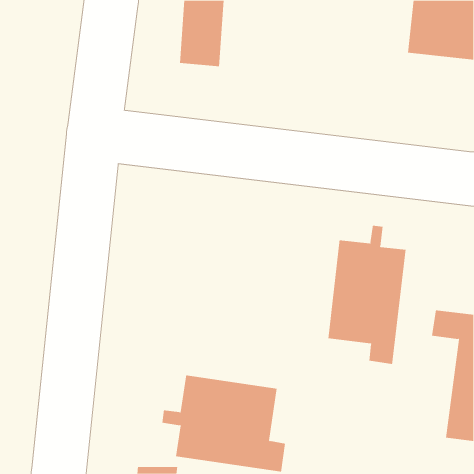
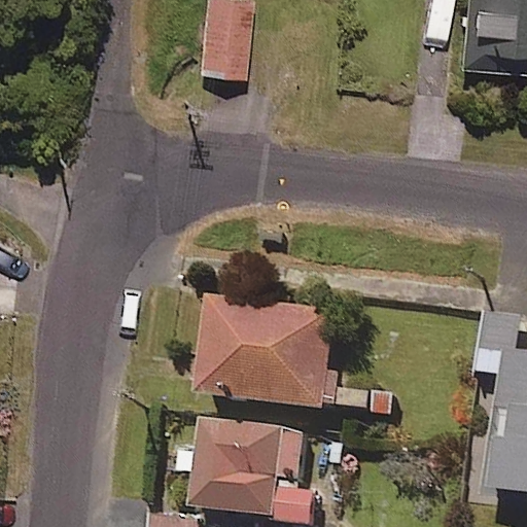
building: [328,225,406,365] -> none
building: none -> [202,295,397,415]

